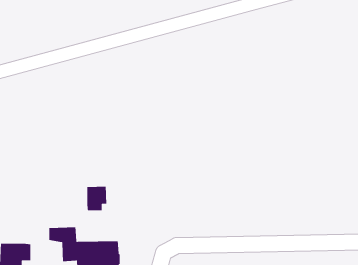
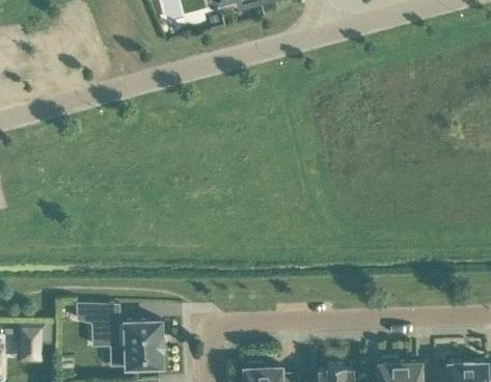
building: [86,186,107,211] -> none

